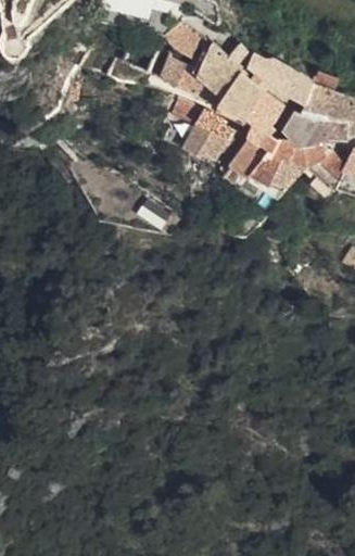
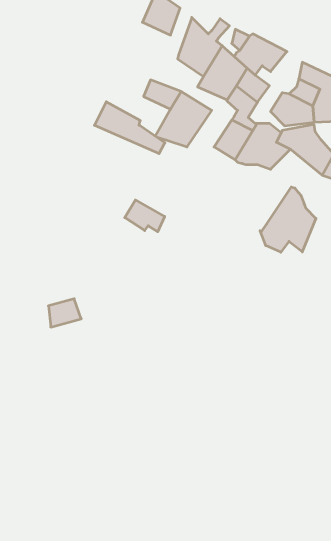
building: [160,59,225,106] -> [94,102,165,154]
building: none -> [260,187,316,252]

